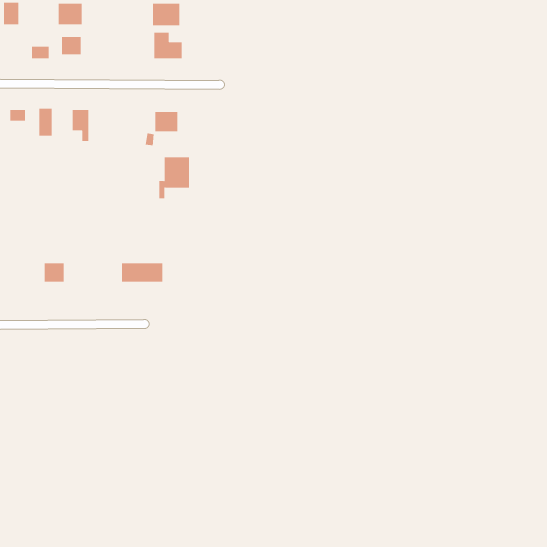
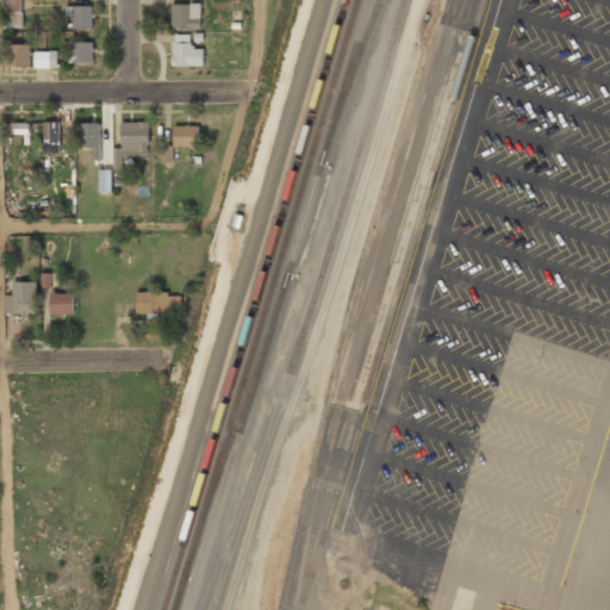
building: none -> [5,45,29,68]
building: [159,157,190,199] -> [113,122,148,168]
building: none -> [5,281,35,315]

